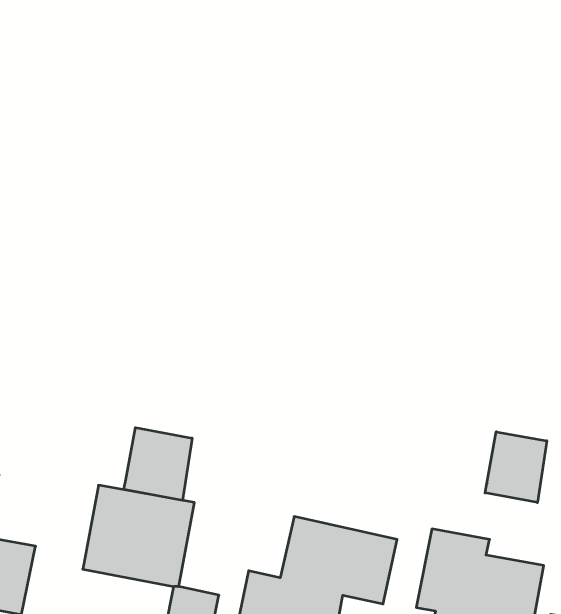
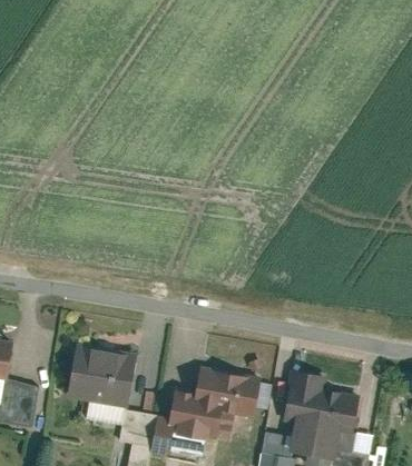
building: [124,428,192,500] -> none
building: [485,432,547,503] -> none

